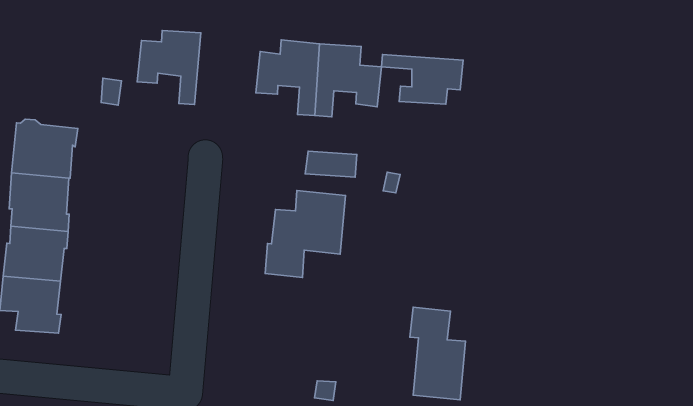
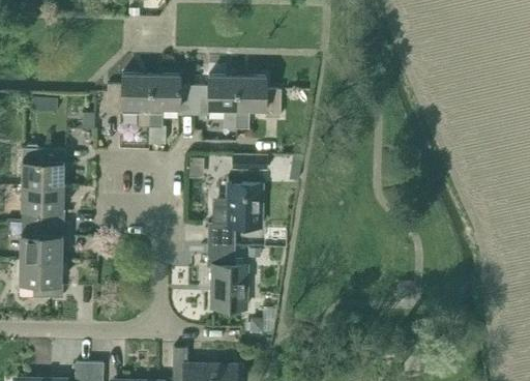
building: none -> [149,74,194,143]
building: [381,55,463,104] -> none
building: [410,307,466,400] -> [207,243,247,307]

